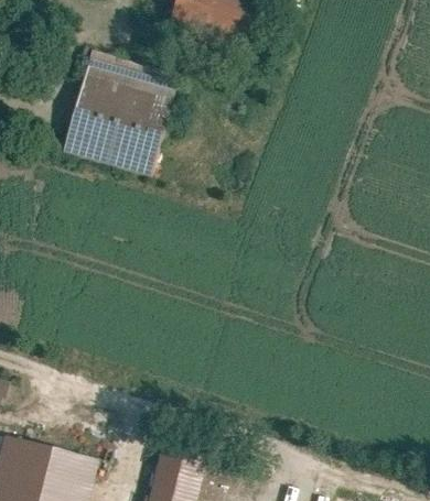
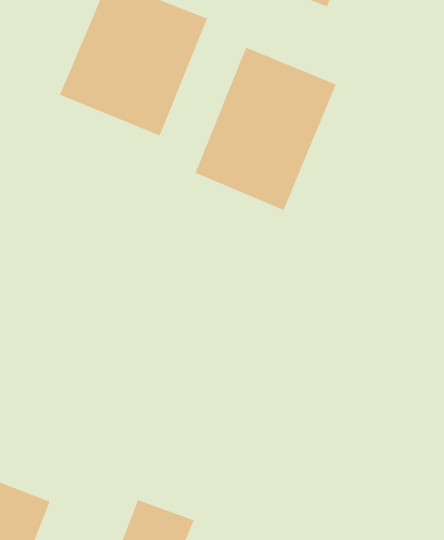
building: none -> [195,47,336,211]

